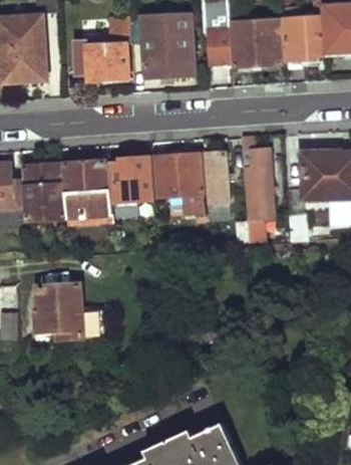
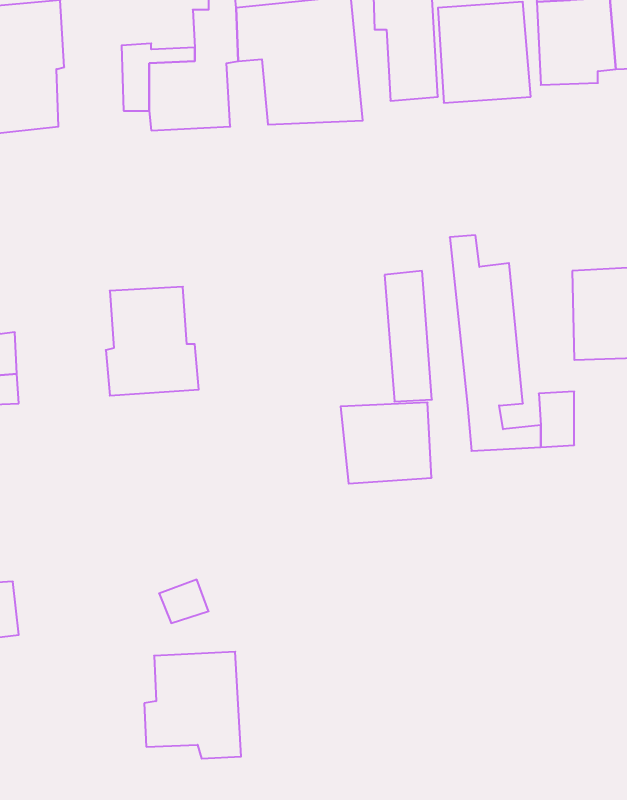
building: [155,156,202,197] -> [341,403,432,484]
building: [111,160,151,202] -> none
building: [22,164,67,221] -> none
building: [35,284,84,338] -> [144,652,241,759]

